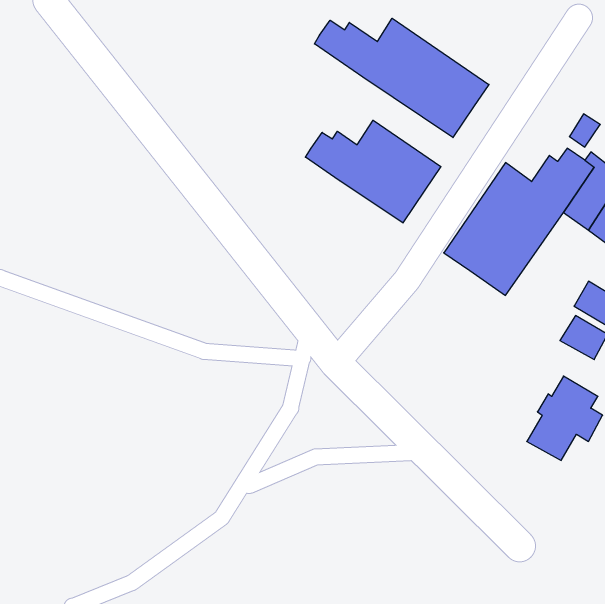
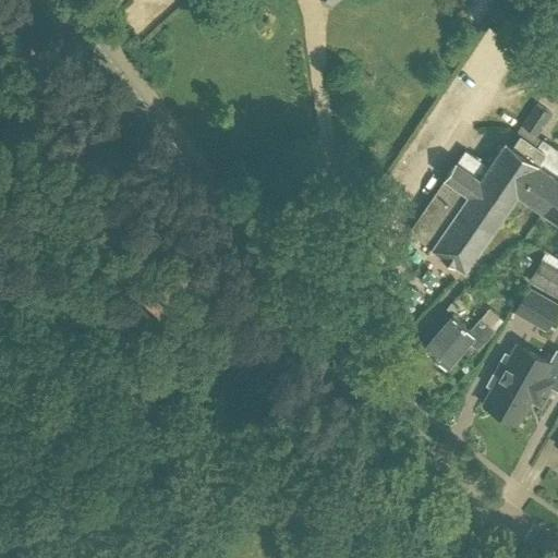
building: [314,18,489,138] -> none
building: [305,120,441,223] -> none
building: none -> [425,317,495,368]

